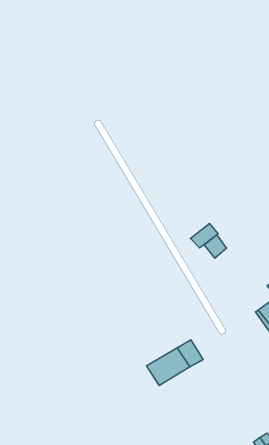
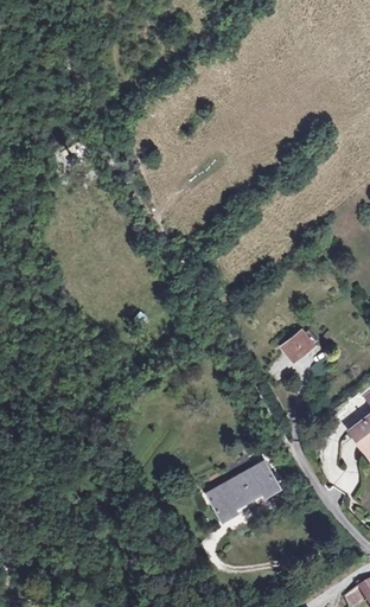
building: [190,223,218,248] -> none

